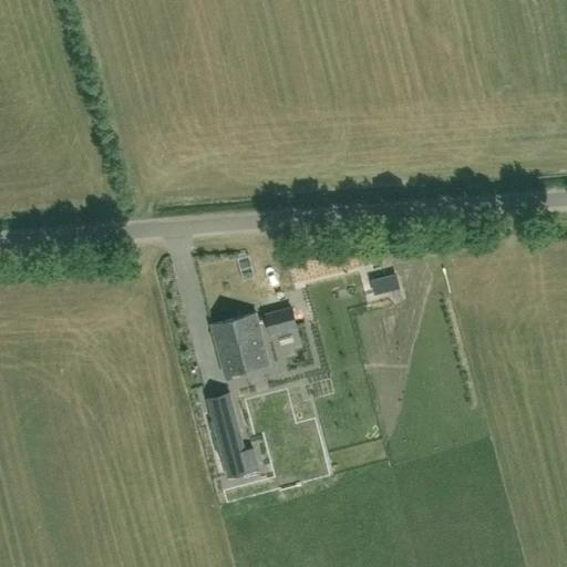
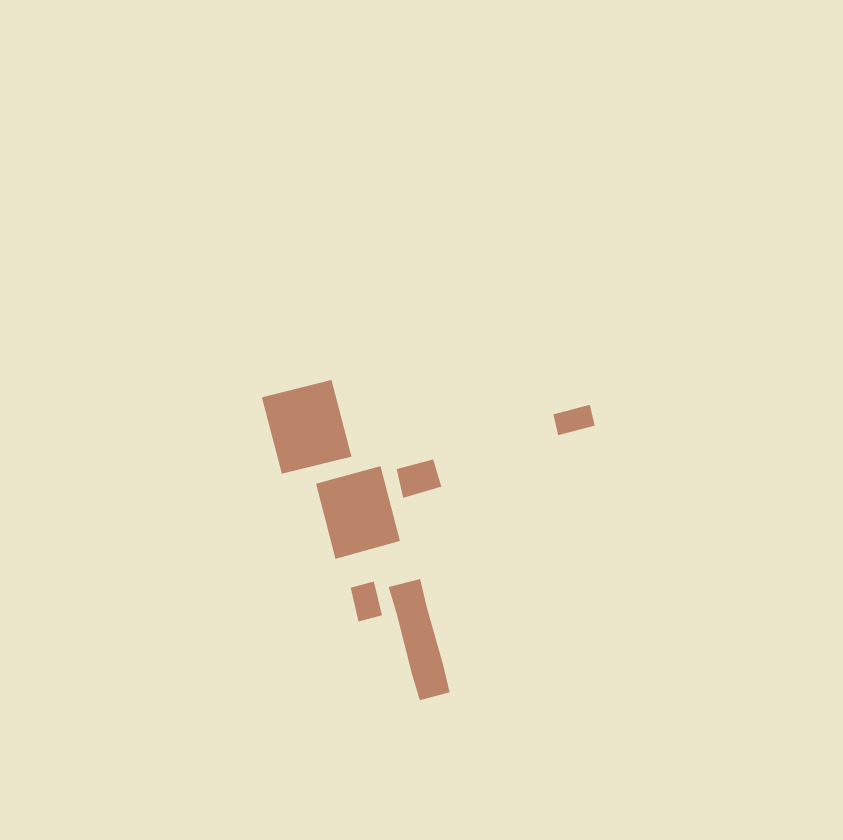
building: none -> [261,379,352,475]
building: [207,395,249,477] -> [388,579,450,701]

